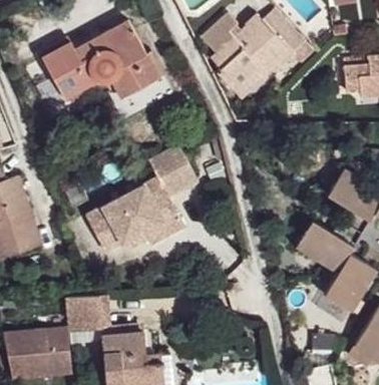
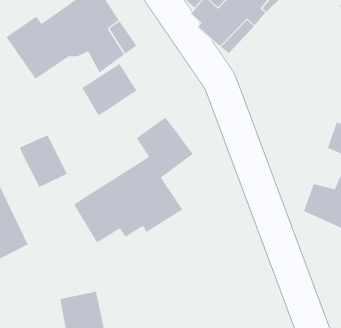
building: none -> [82,63,137,116]
building: none -> [19,134,67,188]

